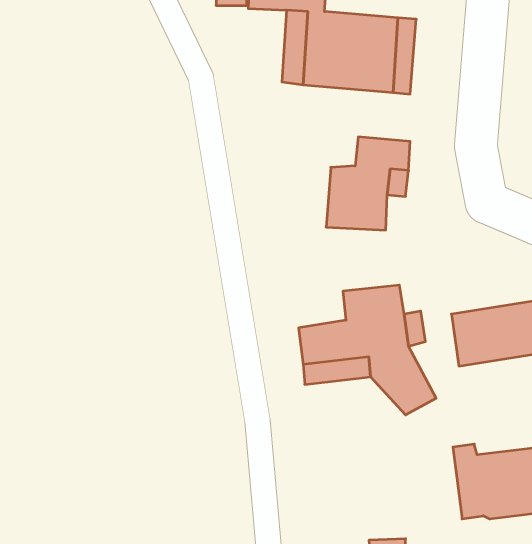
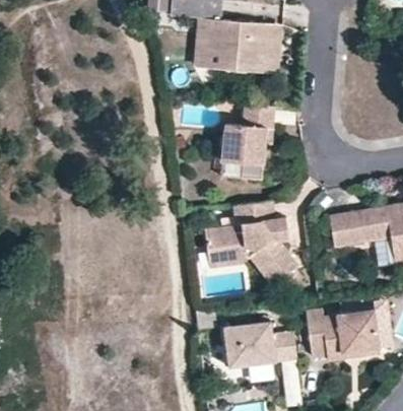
building: none -> [219,321,295,367]

